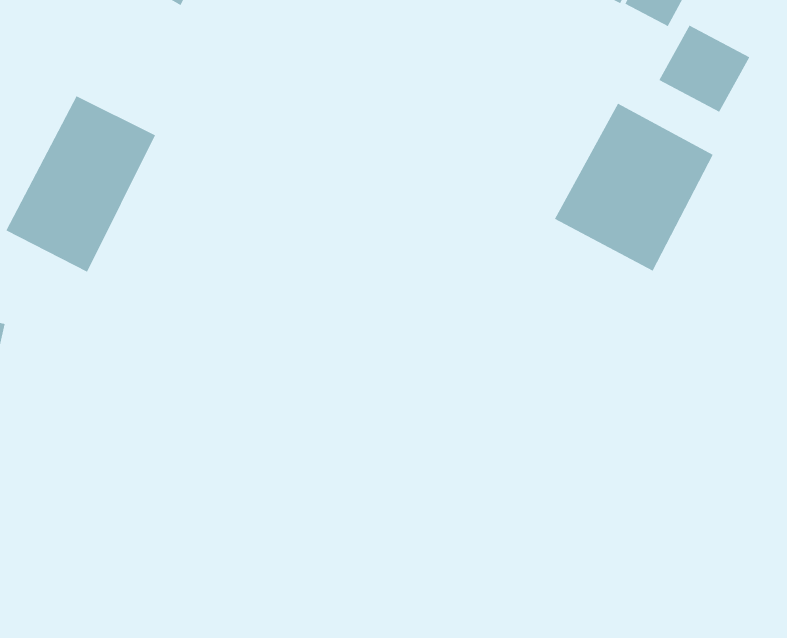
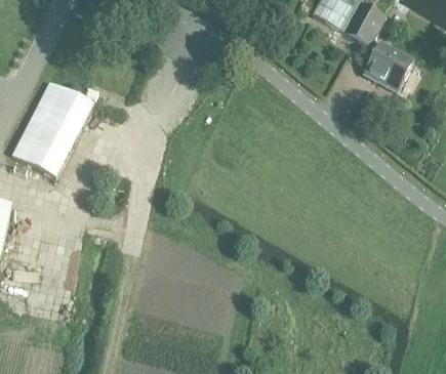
building: [554,103,713,272] -> none

